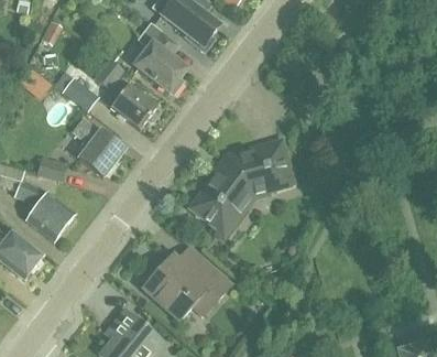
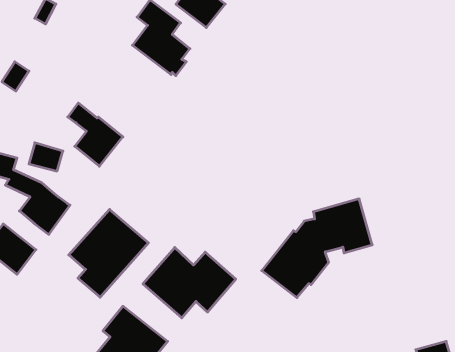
building: [94,56,159,128] -> none
building: [61,74,99,109] -> none
building: [189,138,293,230] -> [262,199,372,298]
building: none -> [69,209,148,297]

